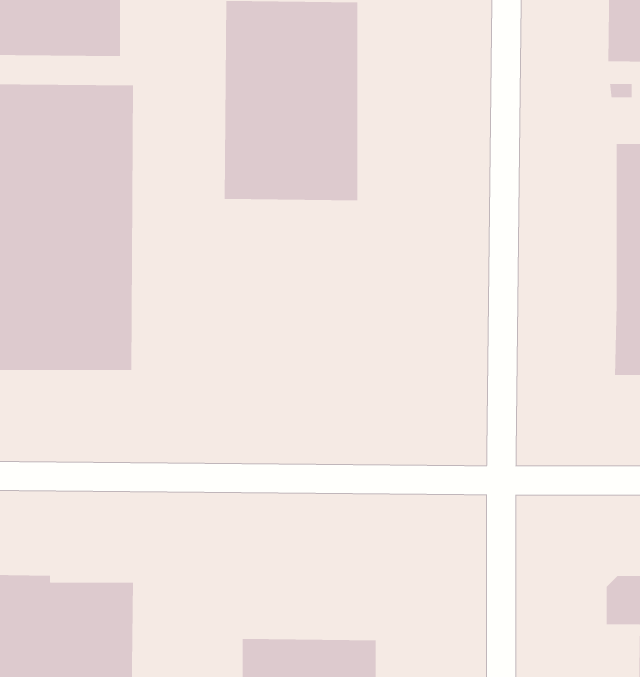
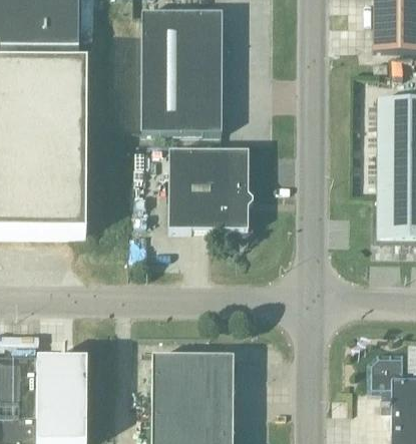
building: none -> [168,151,248,231]
building: none -> [151,357,233,398]

